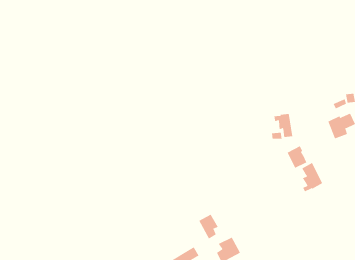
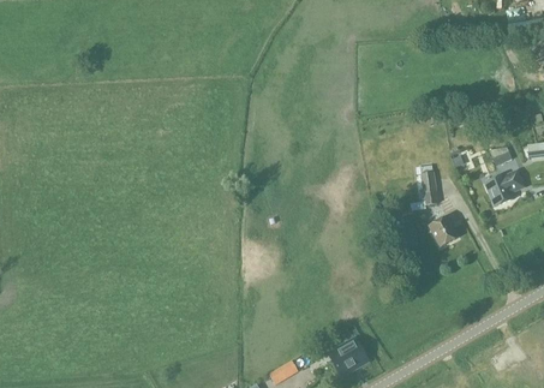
building: [302,162,323,192] -> none
building: [198,214,219,240] -> none

